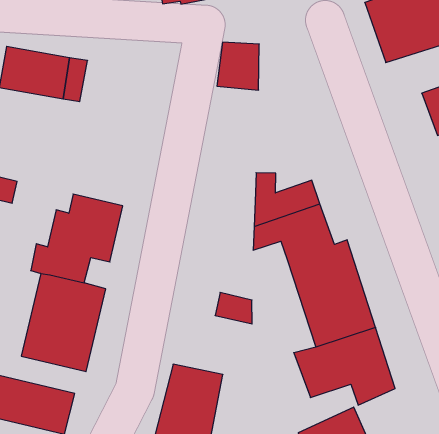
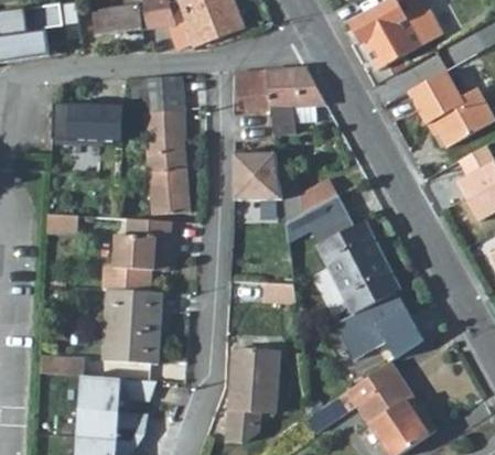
building: none -> [131,74,191,215]
building: none -> [265,65,325,136]
building: none -> [236,148,281,199]

